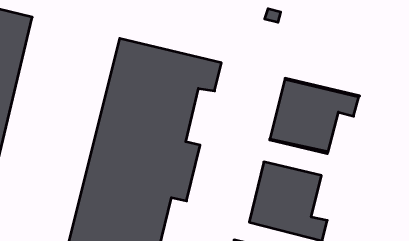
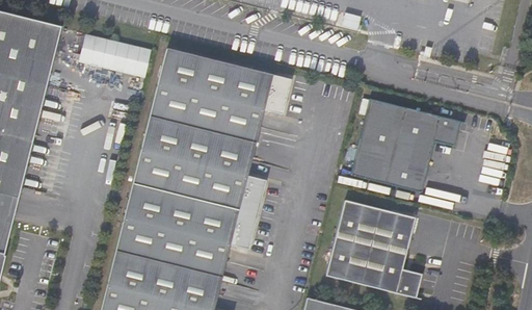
building: none -> [81,33,154,76]

